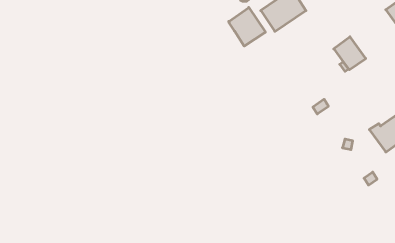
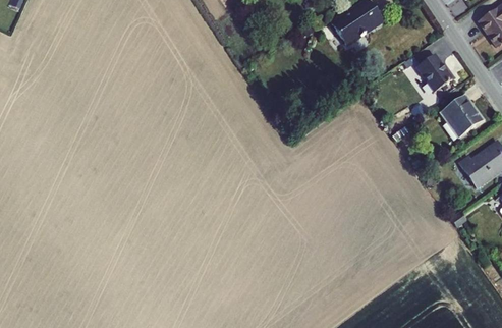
building: [229,7,265,46] -> none
building: none -> [440,93,483,136]

